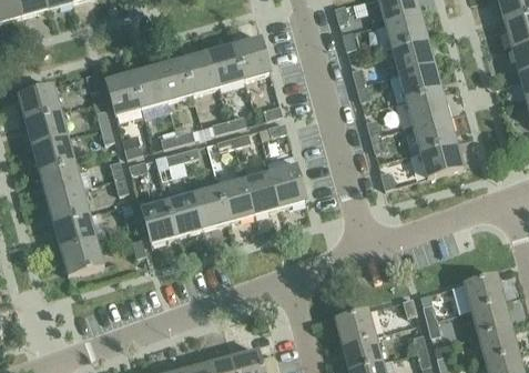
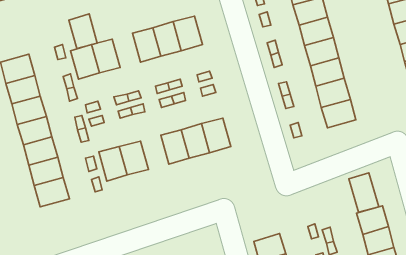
building: [157,57,193,100] -> [69,14,97,48]
building: [193,184,228,228] -> none
building: none -> [349,173,379,212]

